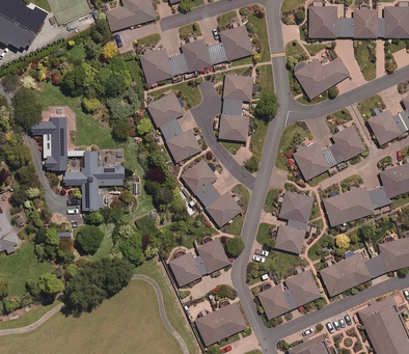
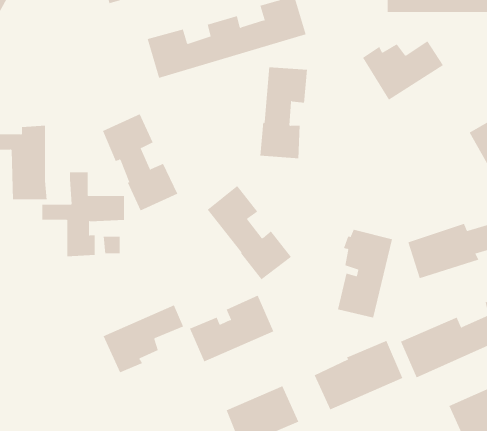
building: [147,92,201,162] -> [102,113,178,211]
building: [294,122,366,181] -> none
building: none -> [103,304,184,373]

